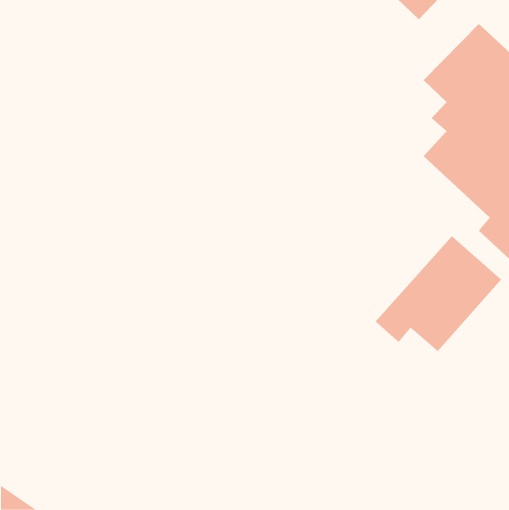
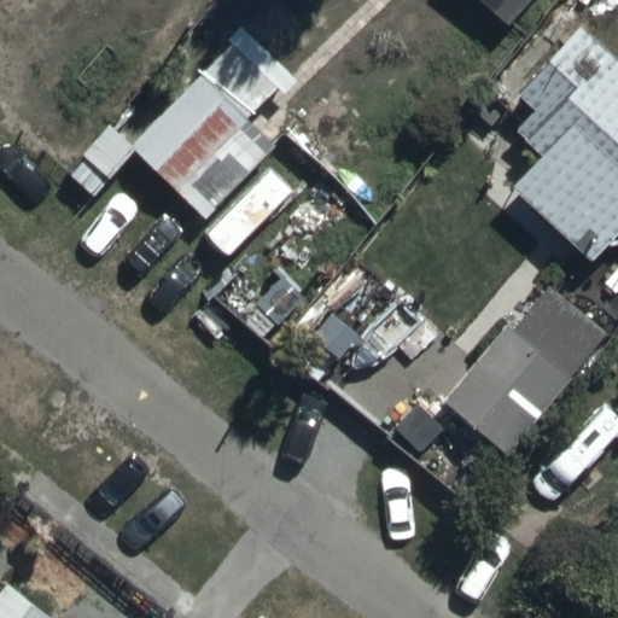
building: none -> [66,45,278,221]

